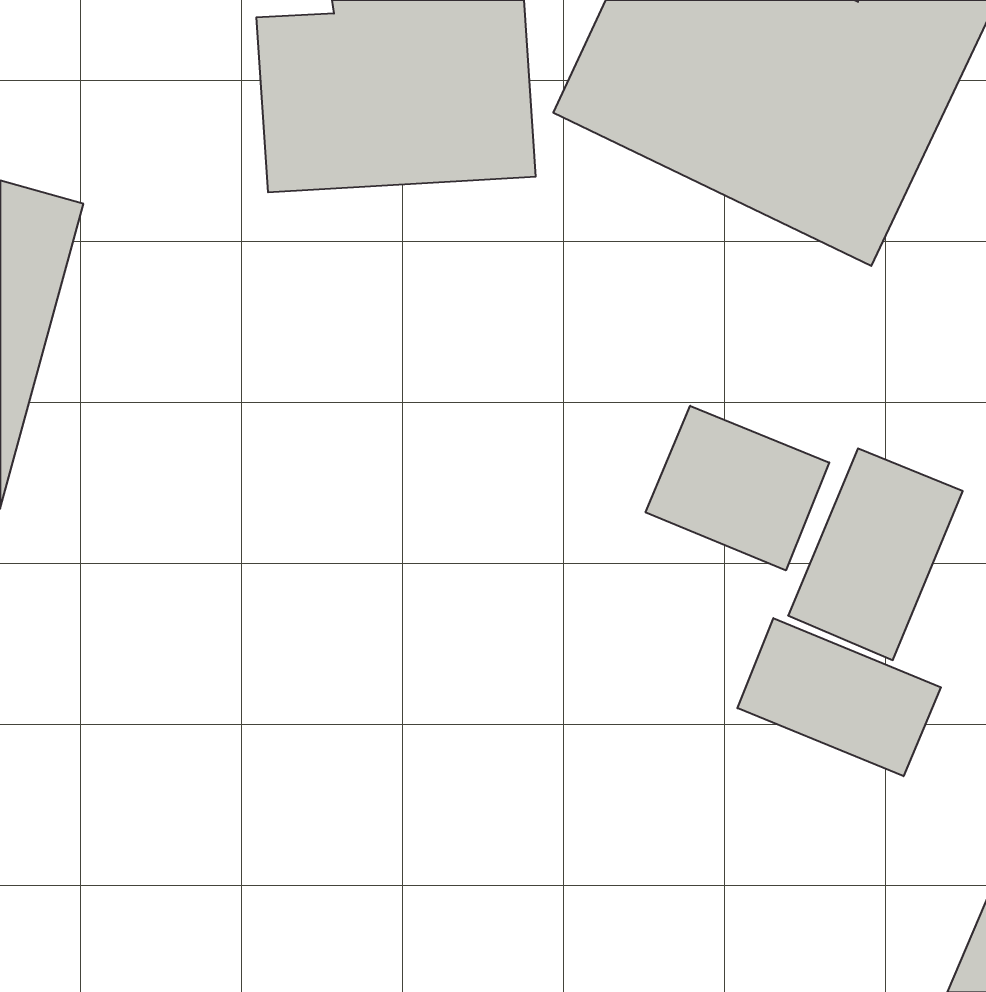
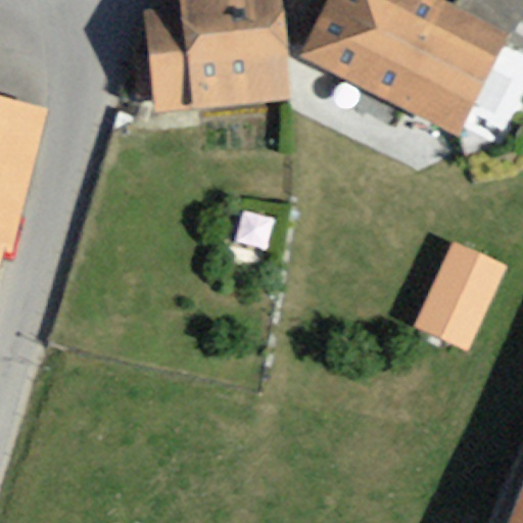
building: [646,406,829,570] -> none
building: [737,618,941,776] -> none

